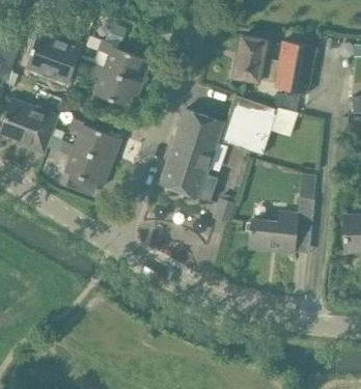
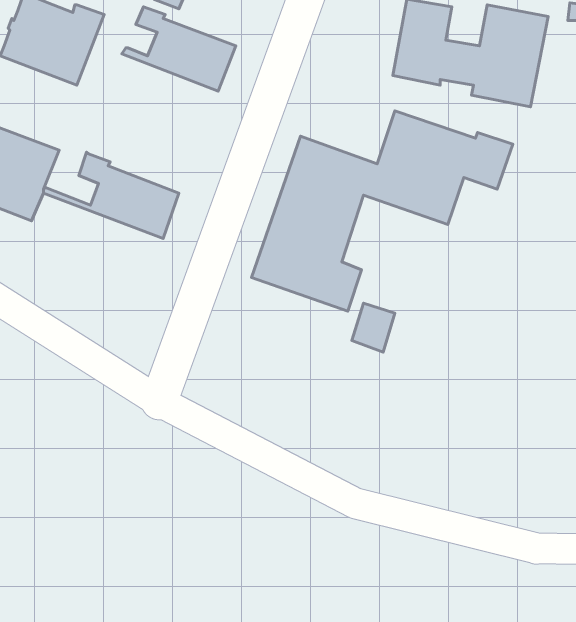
building: [87,65,141,109] -> none
building: [46,139,112,187] -> none
building: [248,175,314,253] -> none

